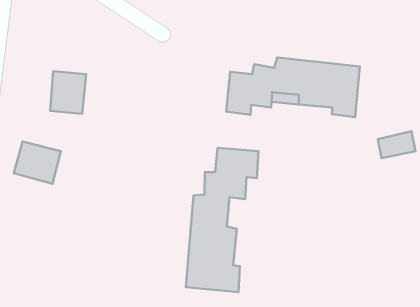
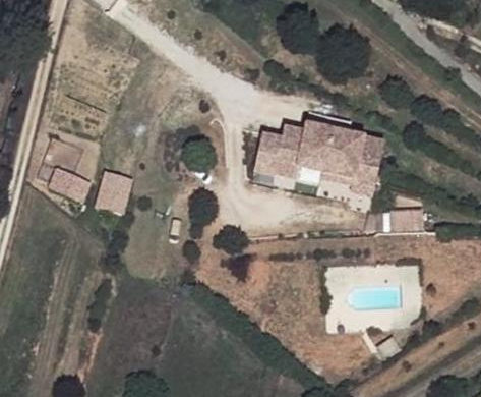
building: [50,71,86,114] -> [96,170,134,214]
building: [186,148,259,292] -> none

